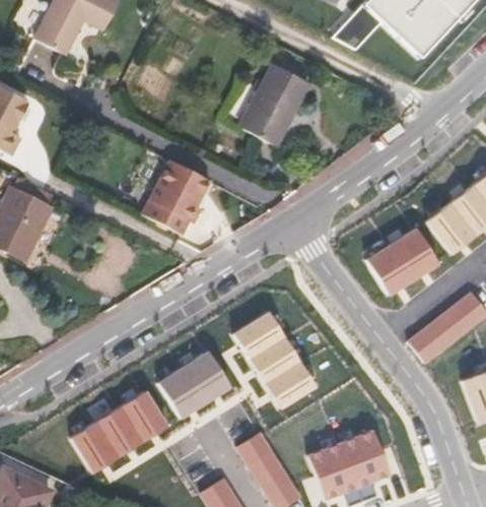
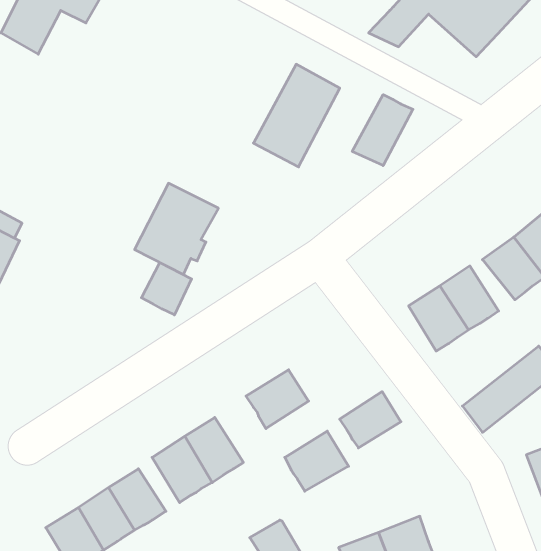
building: none -> [352,95,413,166]
building: none -> [141,263,192,315]
building: [250,336,299,382] -> [340,392,401,448]

